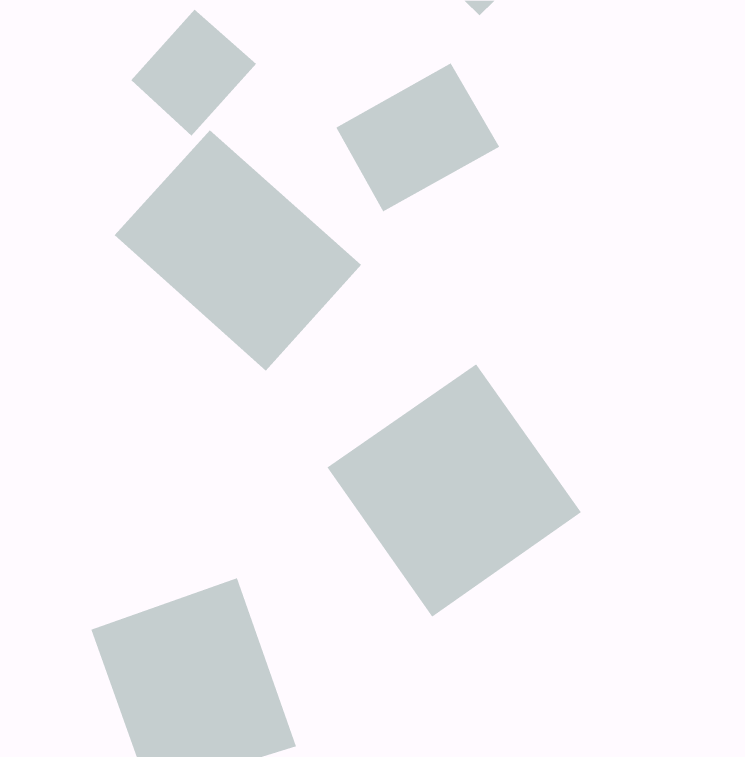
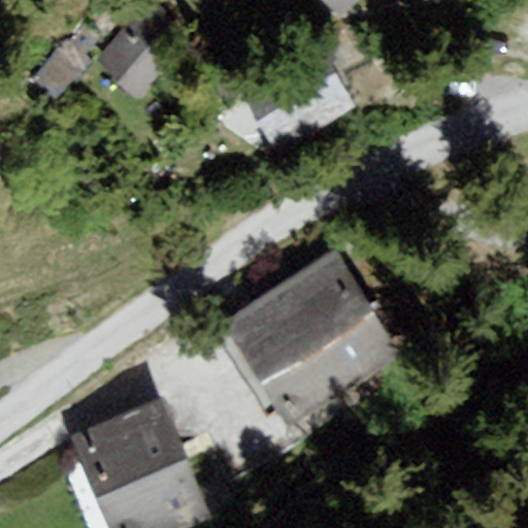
building: [114,130,362,372] -> none

